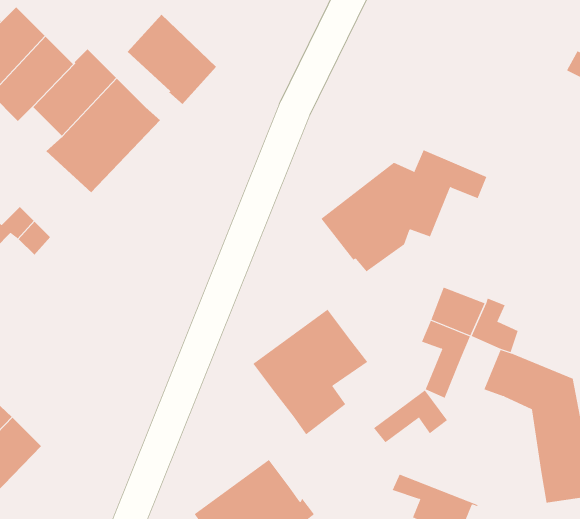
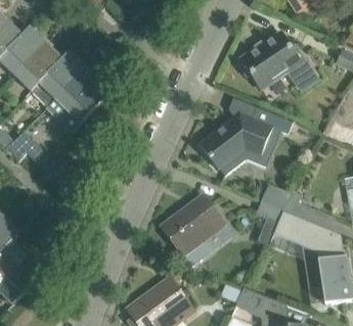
building: [127,14,217,105] -> none
building: none -> [237,31,312,88]
building: [373,389,448,443] -> none

